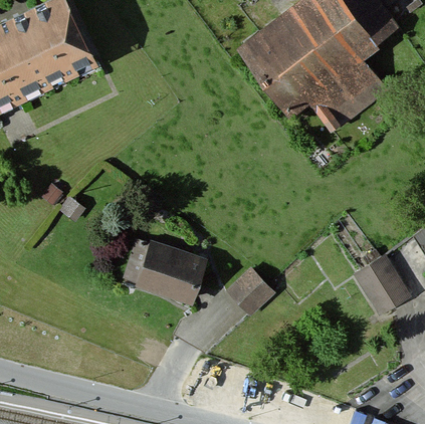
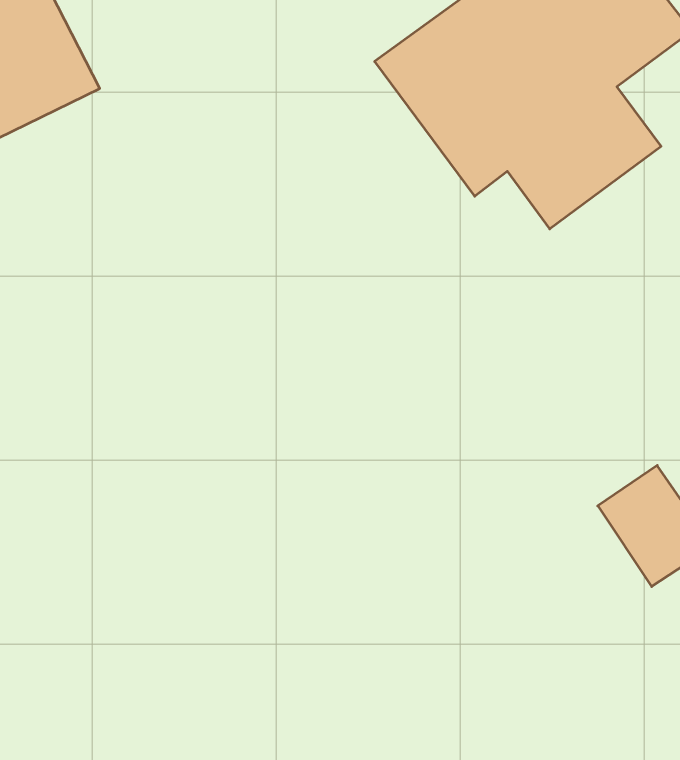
building: [129,241,205,301] -> none
building: [231,268,275,312] -> none

